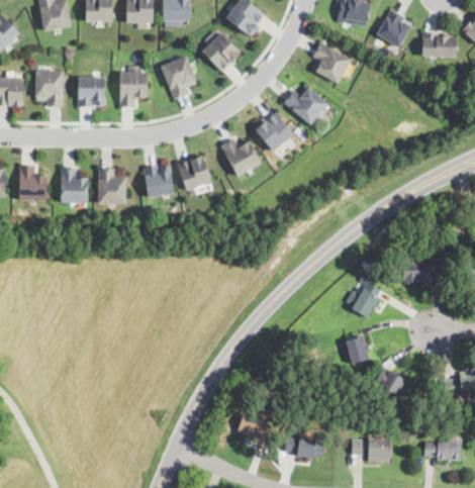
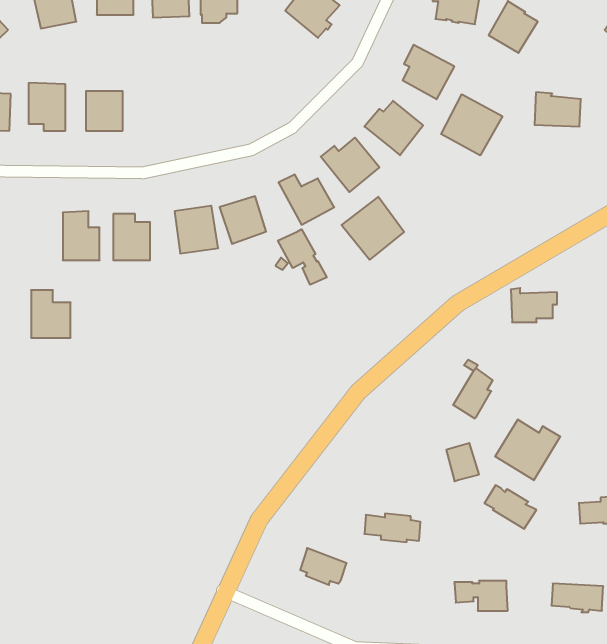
building: [202,31,242,72] -> none
building: [422,33,457,59] -> [535,92,581,126]
building: [162,56,197,99] -> none
building: [119,72,148,106] -> none
building: none -> [441,94,502,155]
building: none -> [342,197,404,260]
building: [19,164,49,199] -> [31,290,71,338]
building: none -> [278,229,327,285]
building: [400,259,435,284] -> [511,288,557,322]
building: none -> [495,419,560,480]
building: [283,437,324,459] -> [364,514,420,542]

